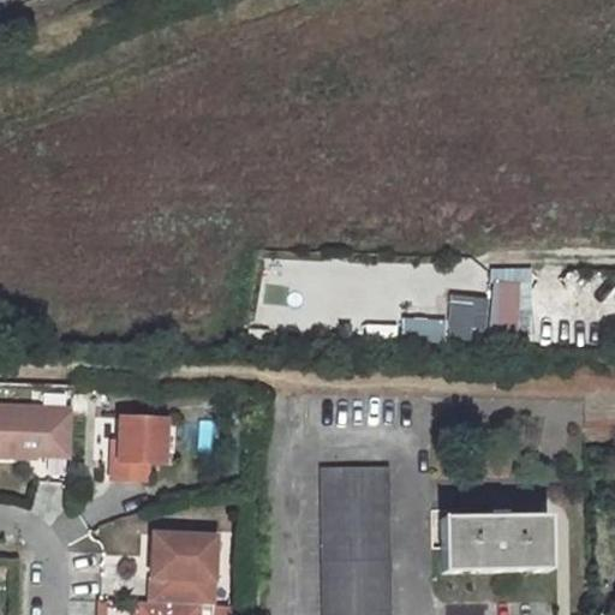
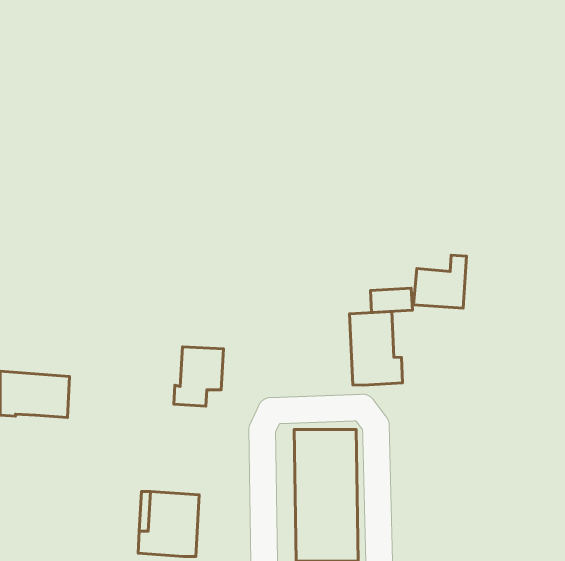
building: none -> [350,311,402,385]
building: [114,416,168,480] -> [174,347,223,406]
building: [442,518,548,571] -> none

